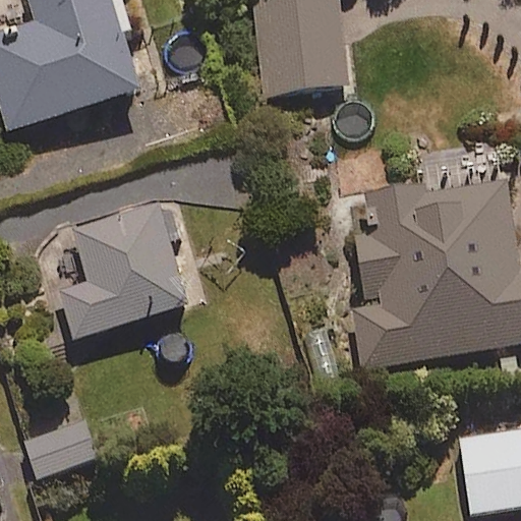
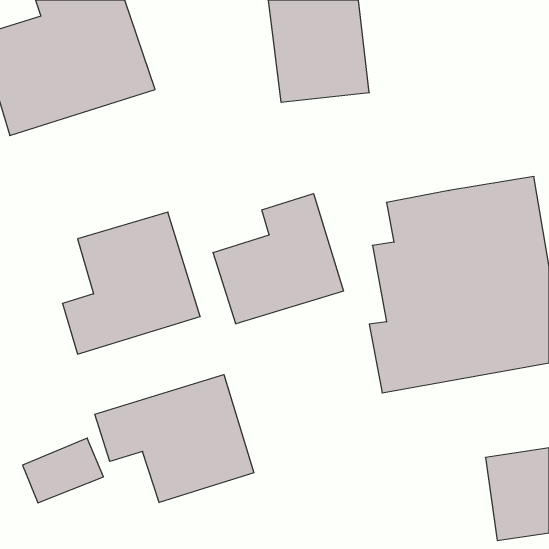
building: none -> [213,194,343,324]
building: none -> [95,375,254,503]

